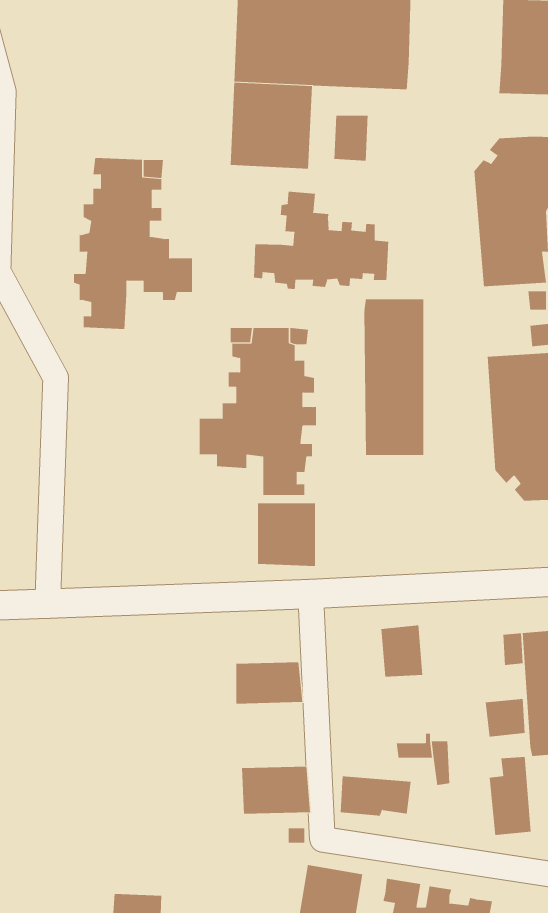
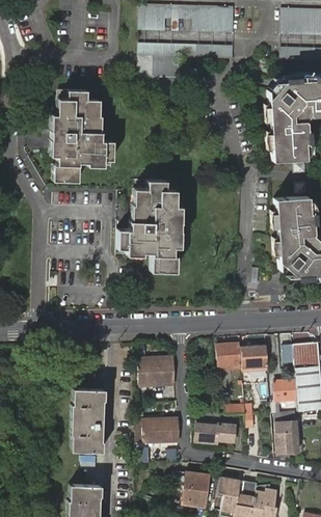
building: [334,115,368,162] -> none
building: [254,191,389,290] -> none
building: [364,299,424,456] -> none
building: [258,502,315,567] -> none
building: none -> [241,345,268,372]
building: none -> [76,390,103,454]

